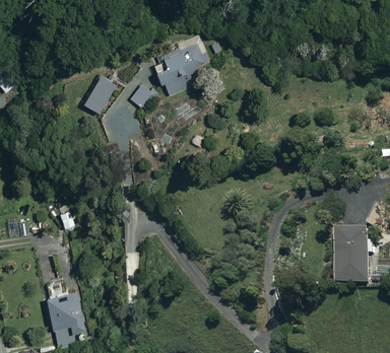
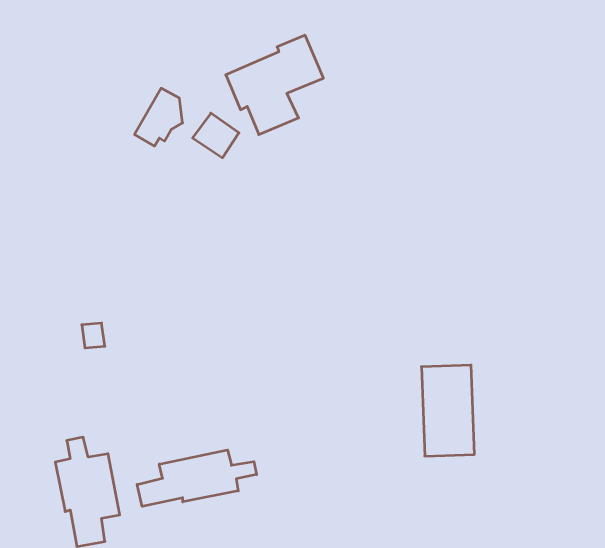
building: [336,228,369,284] -> [421,365,474,456]
building: none -> [137,450,257,506]

